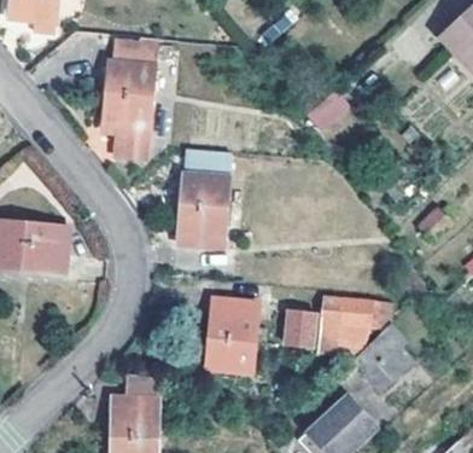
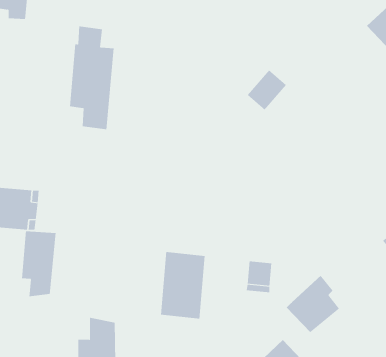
building: [177,150,230,249] -> none
building: none -> [21,231,56,297]
building: [335,298,392,355] -> none

